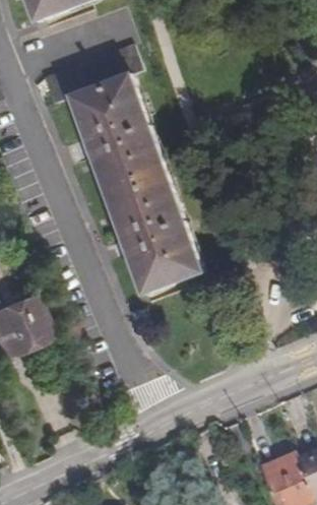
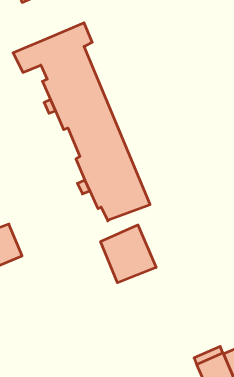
building: none -> [101,225,156,283]

